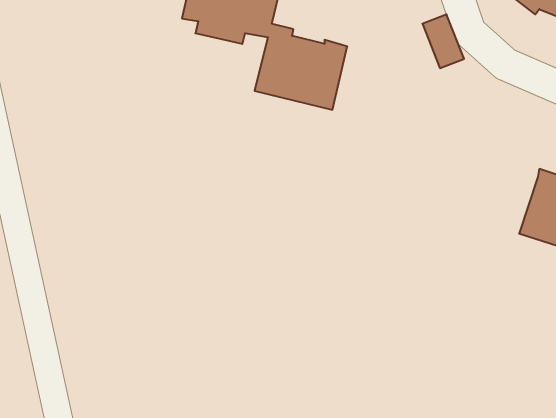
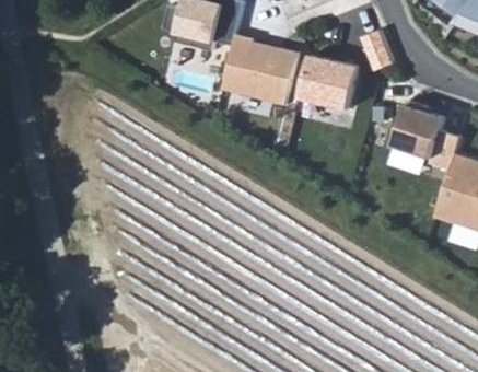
building: none -> [300,56,358,109]
building: none -> [392,101,460,160]

